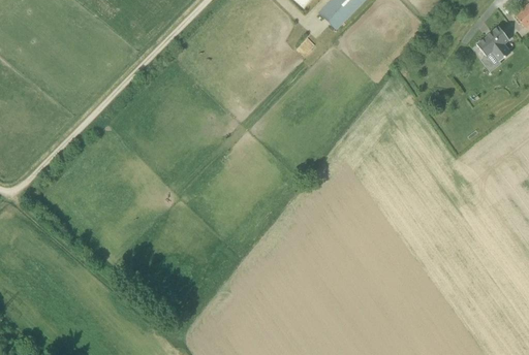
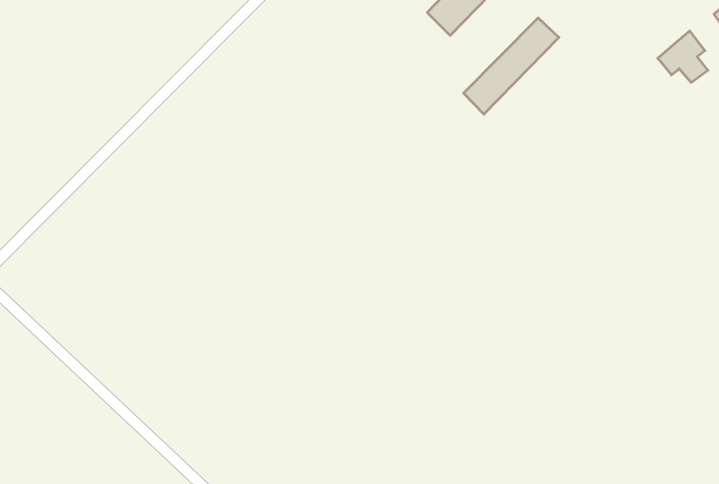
building: none -> [464,18,559,114]

